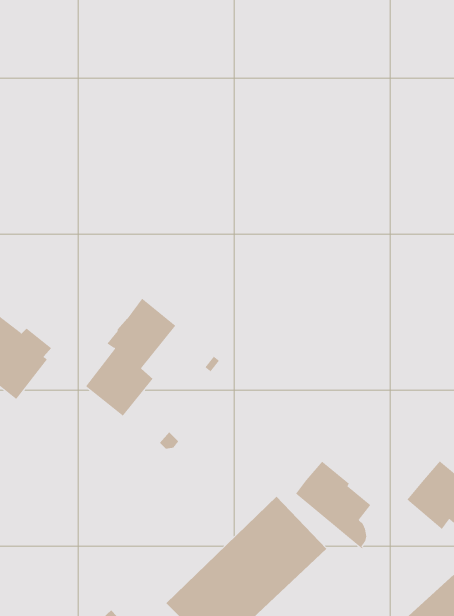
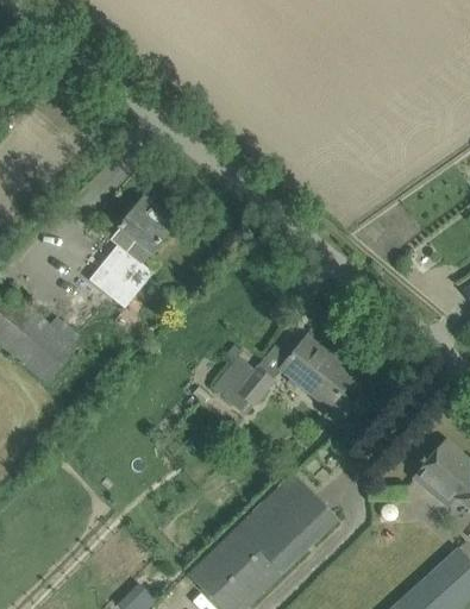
building: [85,298,176,417] -> [89,196,175,308]
building: none -> [215,356,274,409]
building: [295,461,371,549] -> [281,337,352,420]

